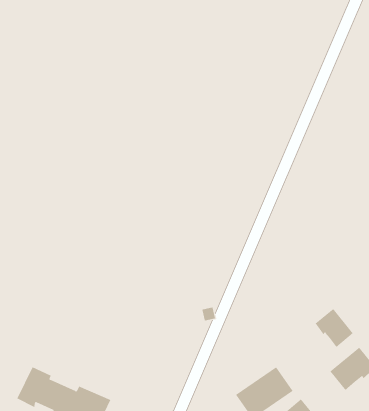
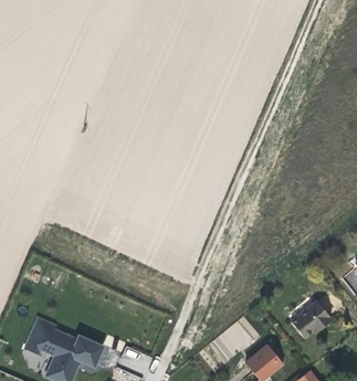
building: [315,308,354,348] -> none

